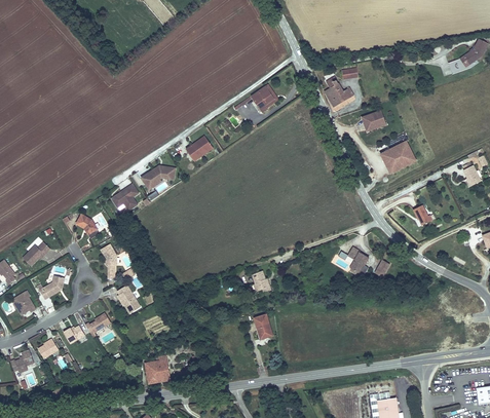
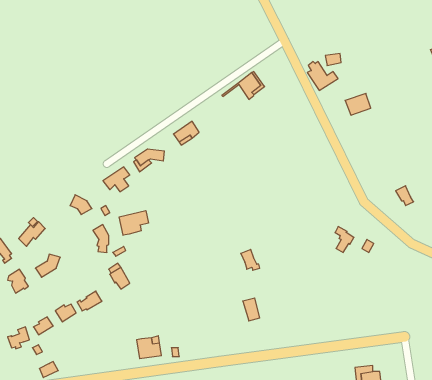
building: [381,140,418,173] -> none
building: none -> [119,211,148,235]

